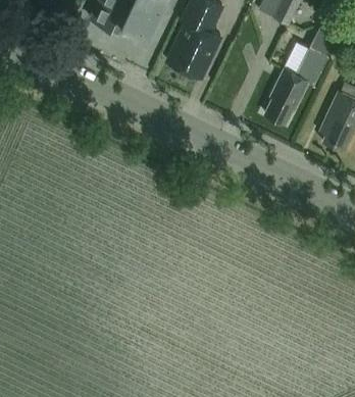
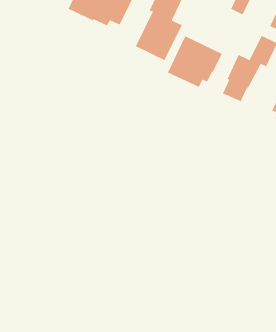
building: none -> [167,35,223,88]

